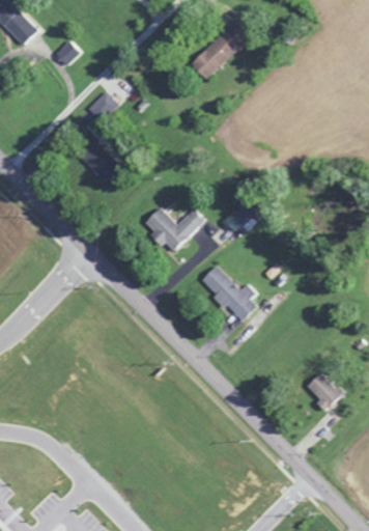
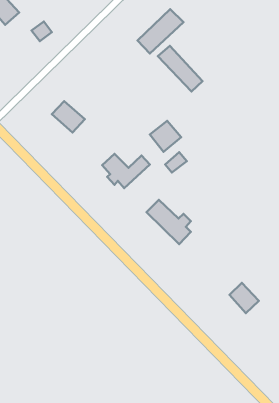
building: none -> [158,46,203,92]
building: [92,91,120,118] -> none
building: none -> [150,121,181,152]

